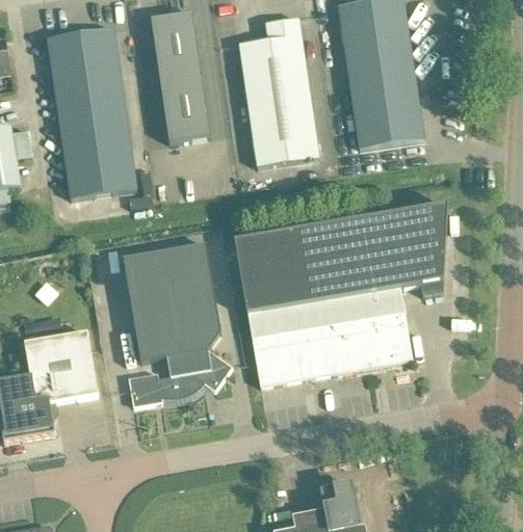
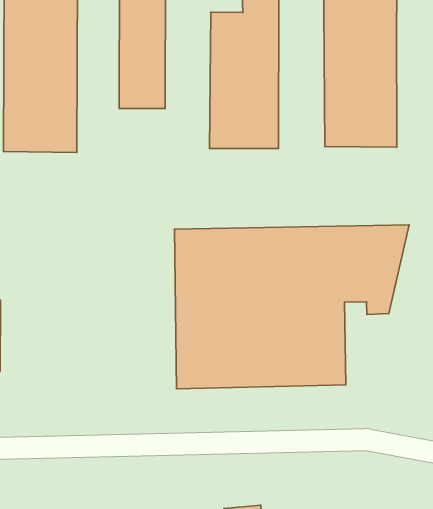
building: [122,242,231,404] -> none

